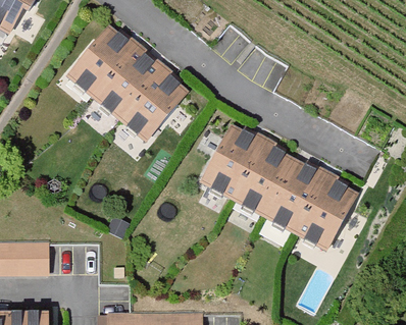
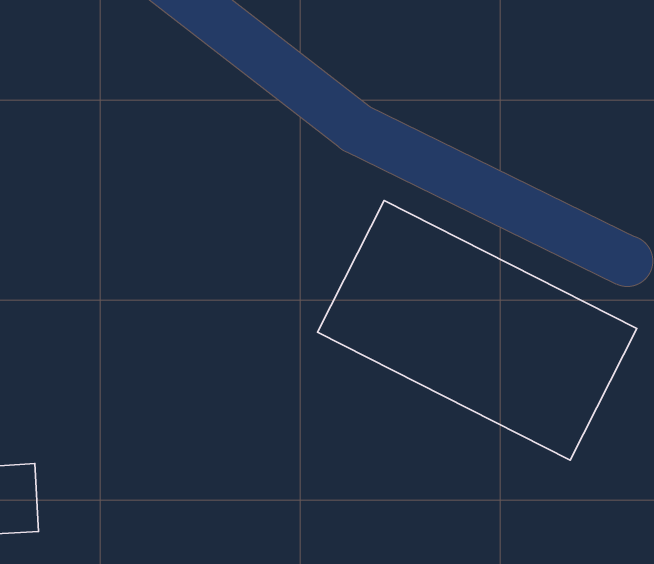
building: [63,19,191,142] -> none

